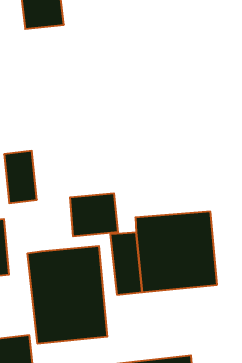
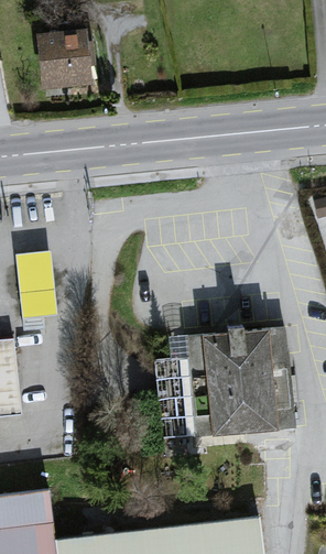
building: [70,193,118,236] -> none
building: [28,246,107,344] -> none

